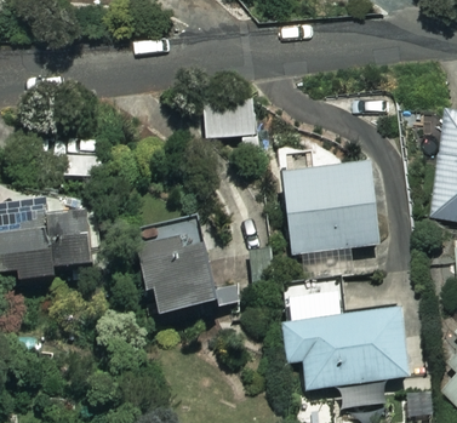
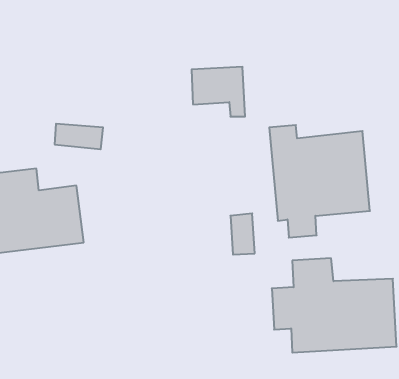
building: [110,234,222,326] -> none

